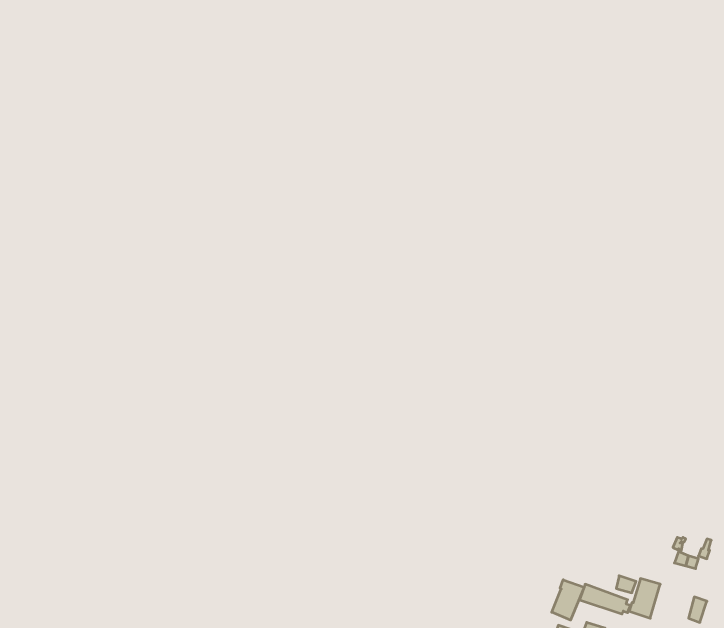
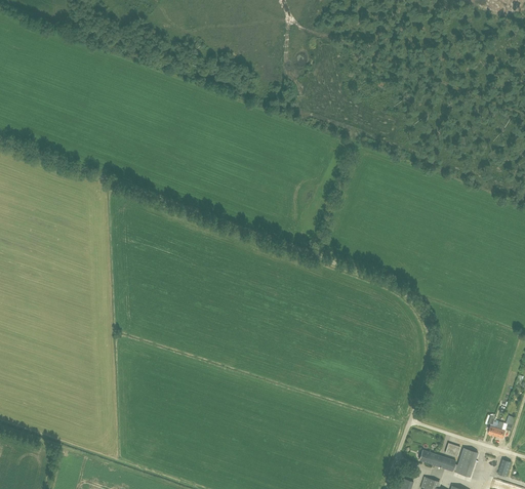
building: [552,580,584,620] -> none

